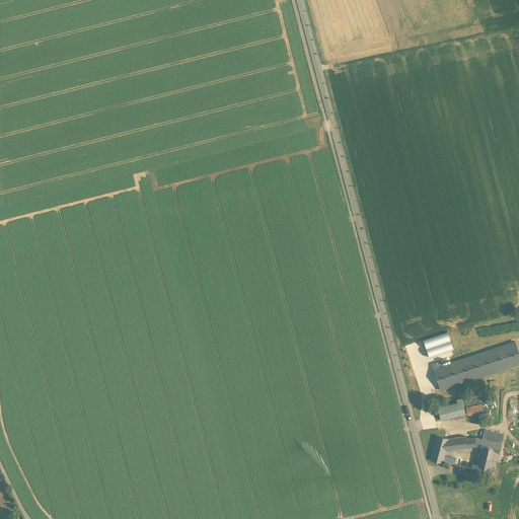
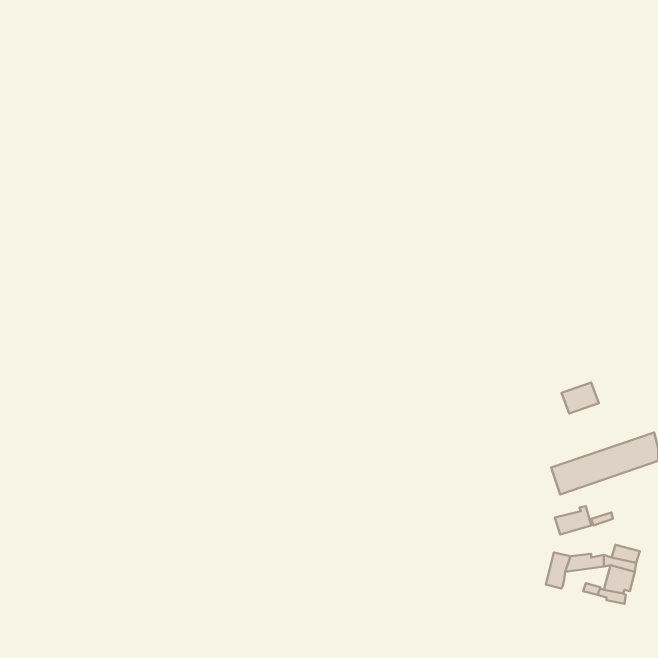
building: [424,332,453,357] -> [562,383,599,413]

